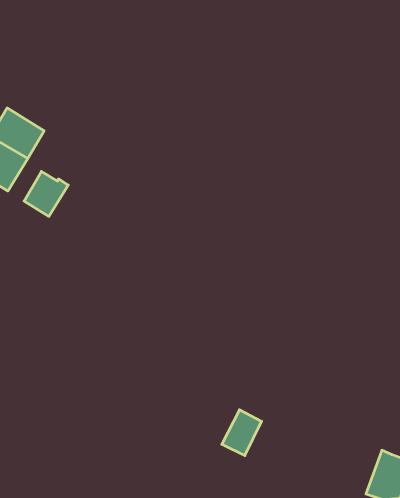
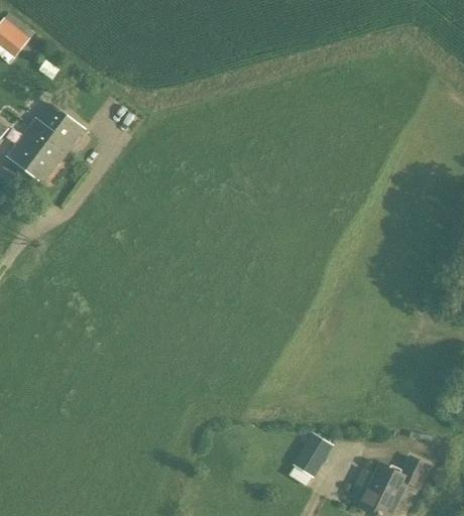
building: [24,171,68,216] -> none
building: [222,410,262,456] -> [293,432,333,477]

